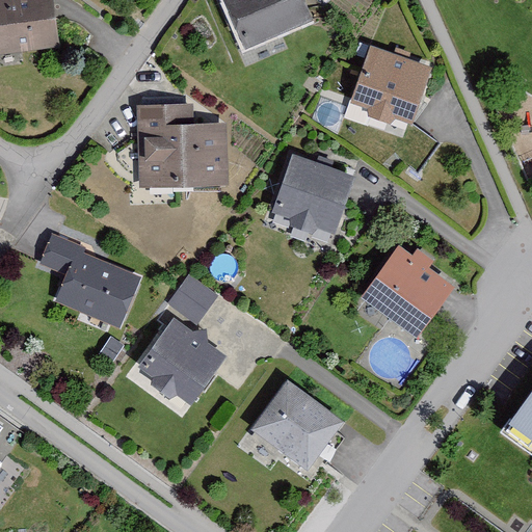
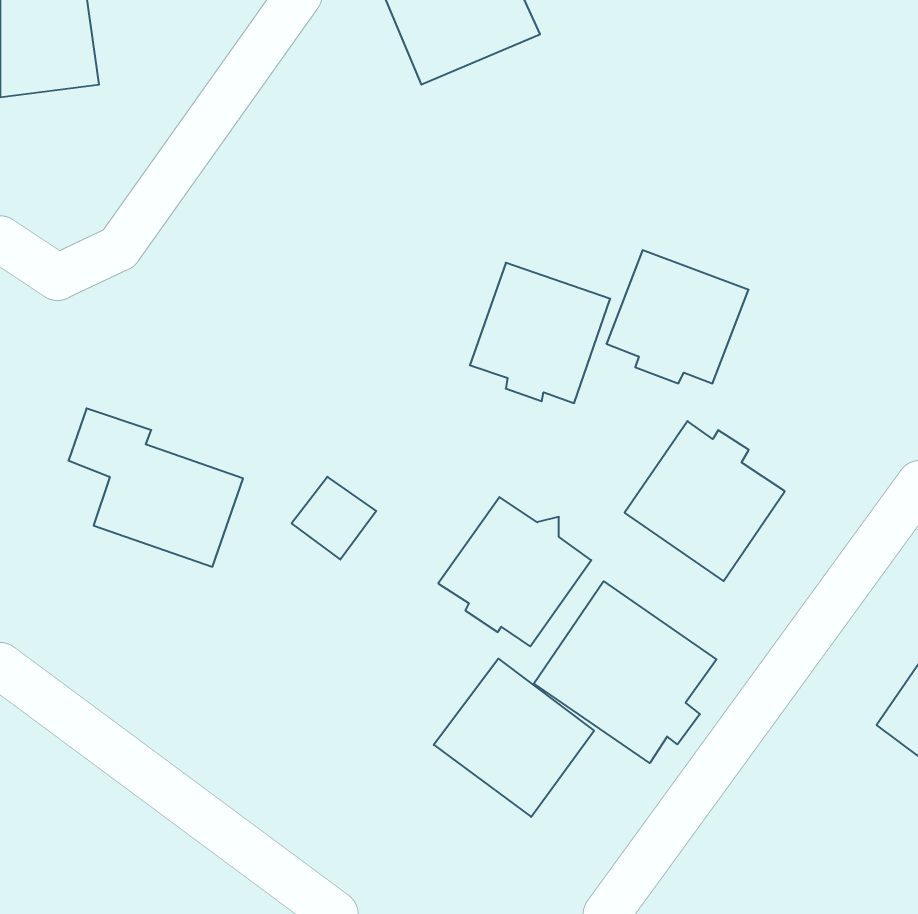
building: [349,45,431,122] -> [606,250,749,383]
building: [137,102,229,190] -> none
building: [136,319,224,405] -> [438,497,591,646]
building: none -> [534,581,716,763]

